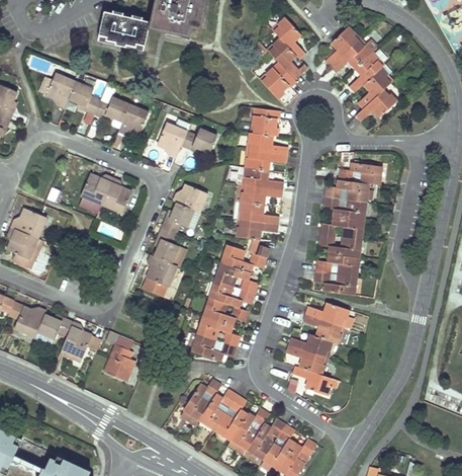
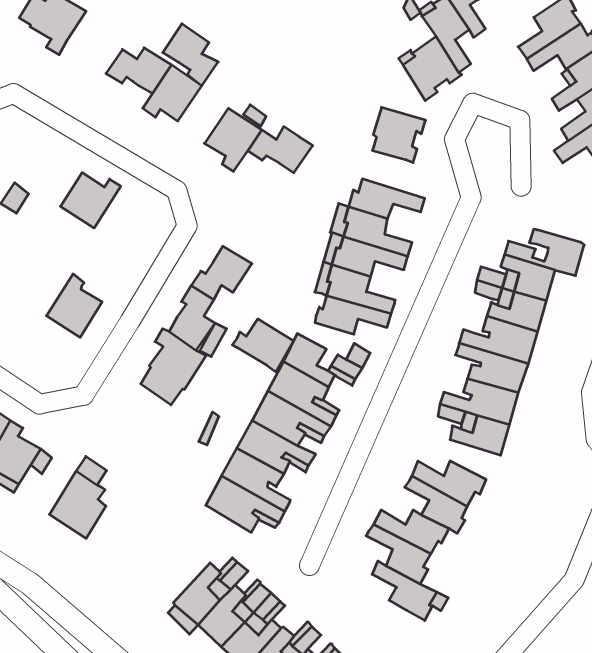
building: [68,81,100,114] -> [163,24,218,86]
building: [248,132,287,155] -> none
building: [101,177,131,213] -> [46,274,102,337]
building: [173,183,207,212] -> [232,319,293,372]

